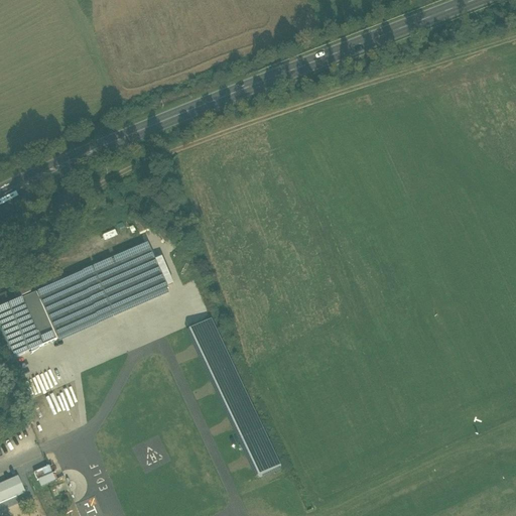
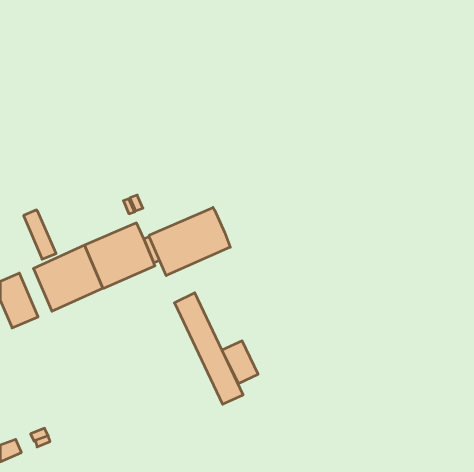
building: none -> [149,207,230,276]
building: [21,290,56,344] -> [24,210,56,259]
building: [242,428,281,475] -> [222,341,258,384]

